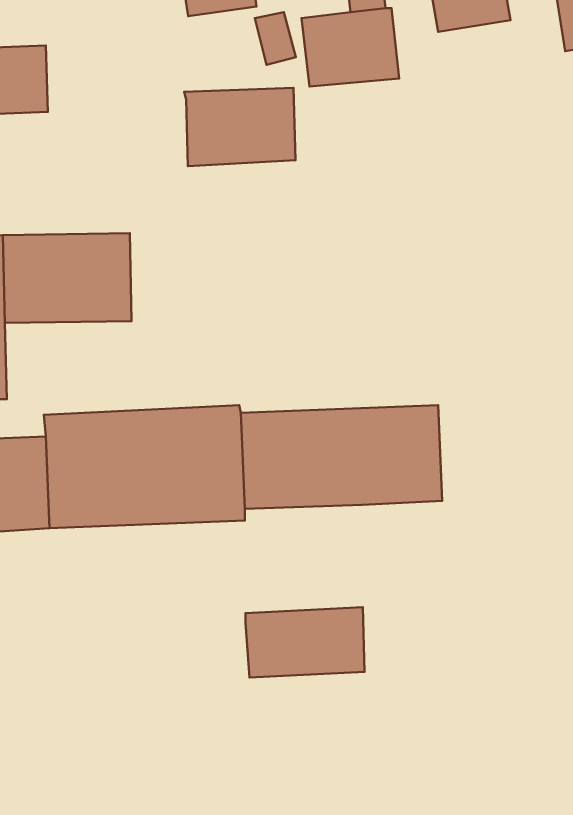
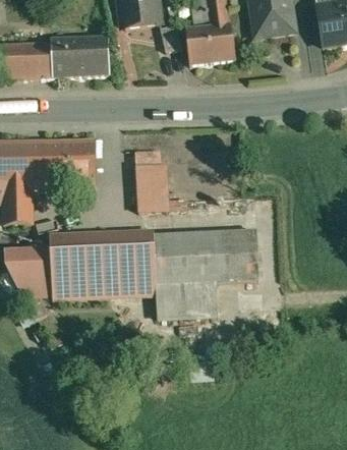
building: [184,88,295,166] -> [50,36,108,76]
building: none -> [135,163,168,211]
building: [246,607,365,678] -> [155,281,217,318]

